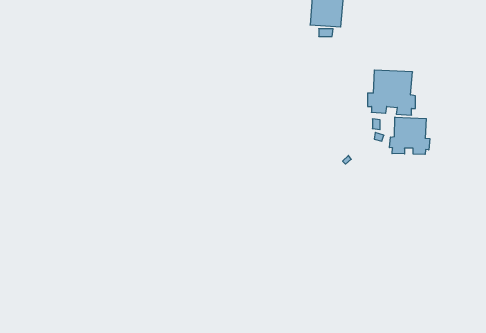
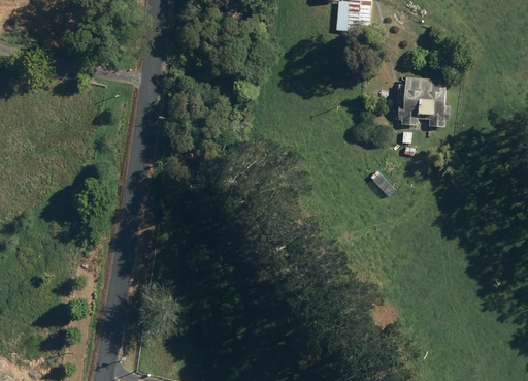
building: [389,117,430,154] -> none

